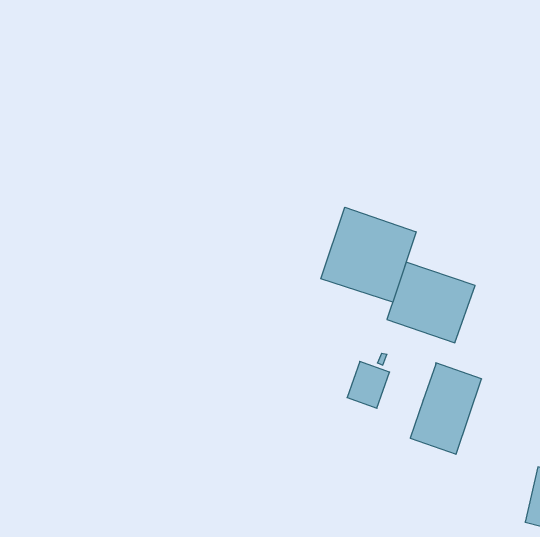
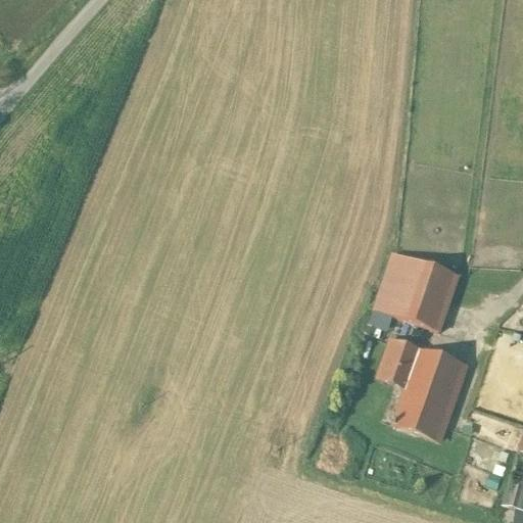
building: [321,207,416,302] -> none
building: [347,361,390,408] -> [381,340,422,385]

